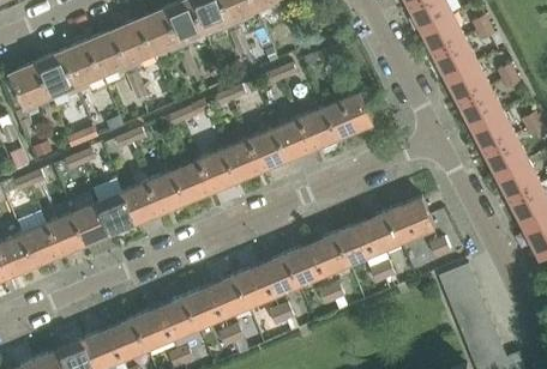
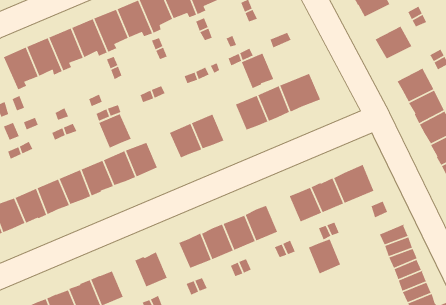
building: [419,16,462,55] -> none
building: [444,63,487,103] -> none
building: [247,129,285,171] -> [241,52,274,89]
building: [172,162,210,204] -> [98,113,132,150]
building: [308,234,347,276] -> [308,238,341,274]
building: [182,288,221,328] -> none
building: [132,308,170,350] -> none

